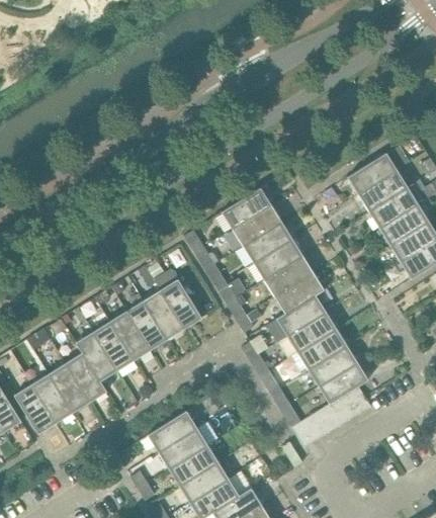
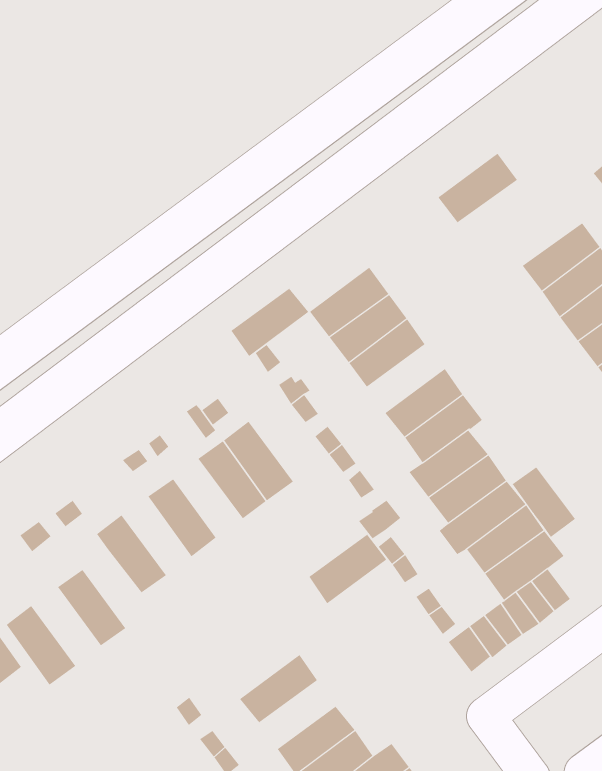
building: [346,152,398,194] -> [437,153,518,223]
building: [253,239,303,280] -> [231,288,309,357]
building: [126,299,168,350] -> none
building: [92,321,134,371] -> none
building: none -> [512,467,576,538]
building: [65,352,107,403] -> none
building: [30,373,72,424] -> none
building: [147,411,197,453] -> [309,534,387,604]
building: [168,445,217,487] -> none

